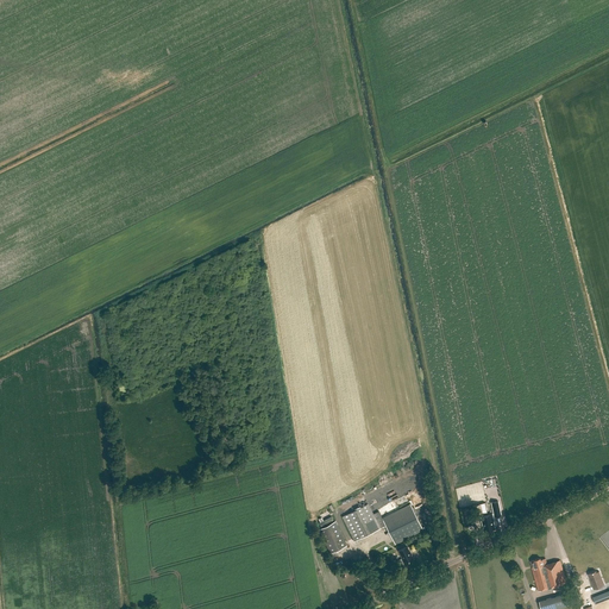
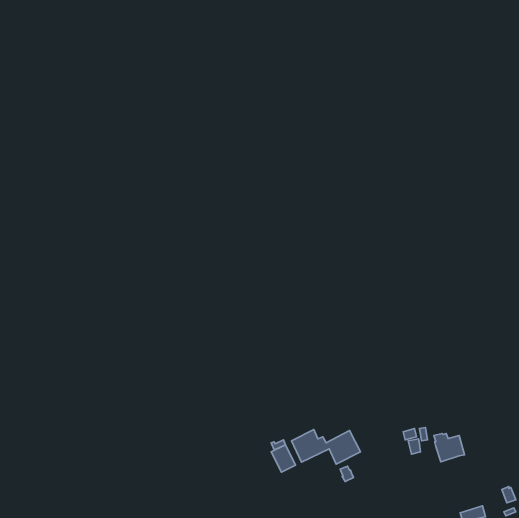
building: [530,559,566,592] -> [434,433,464,462]

